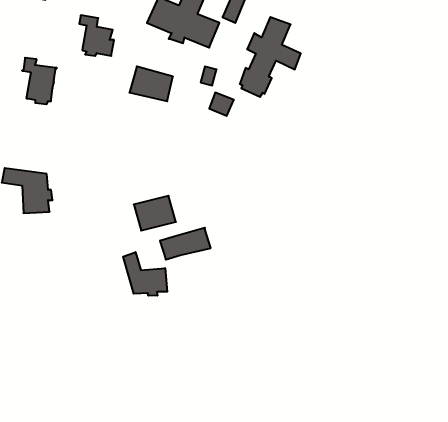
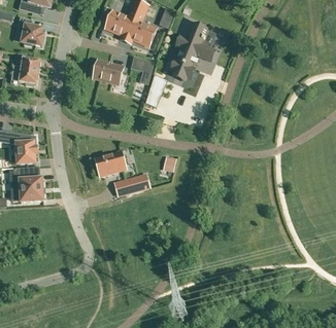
building: [79,15,114,56] -> [20,17,44,46]
building: none -> [12,168,44,202]
building: [123,252,167,296] -> none

